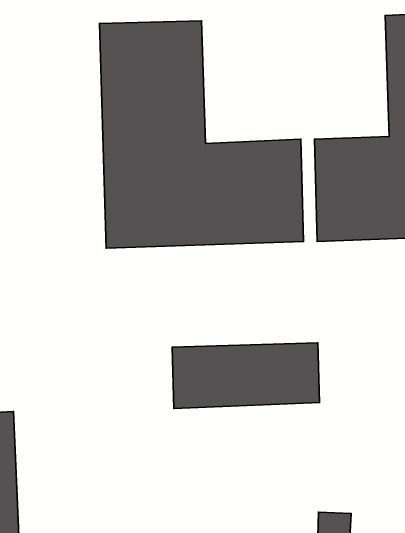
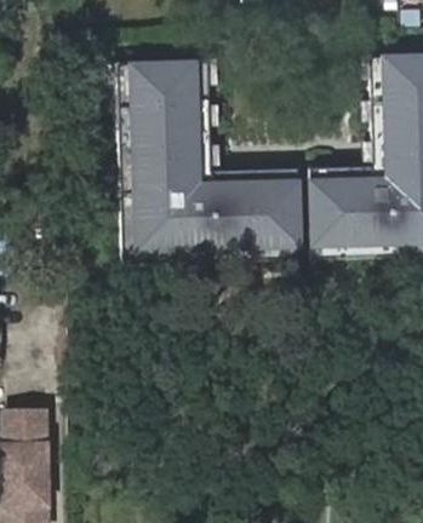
building: [172,343,319,408] -> none

